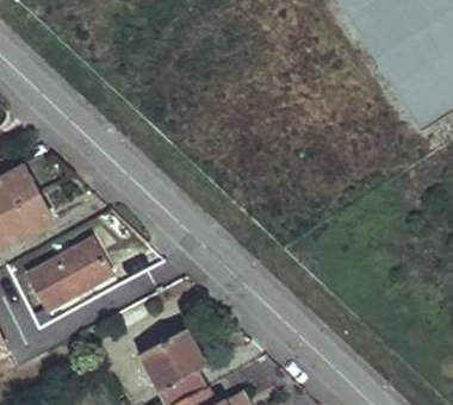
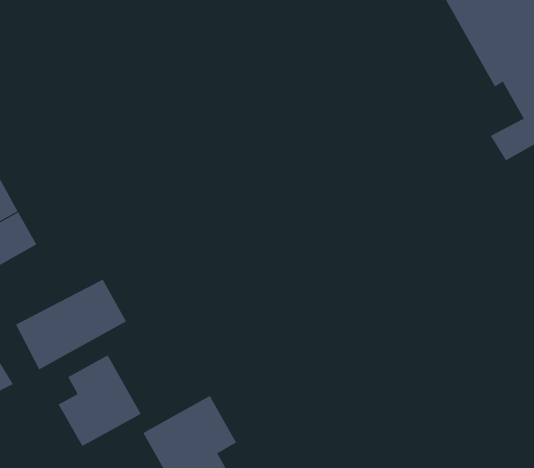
building: none -> [58,355,141,447]

